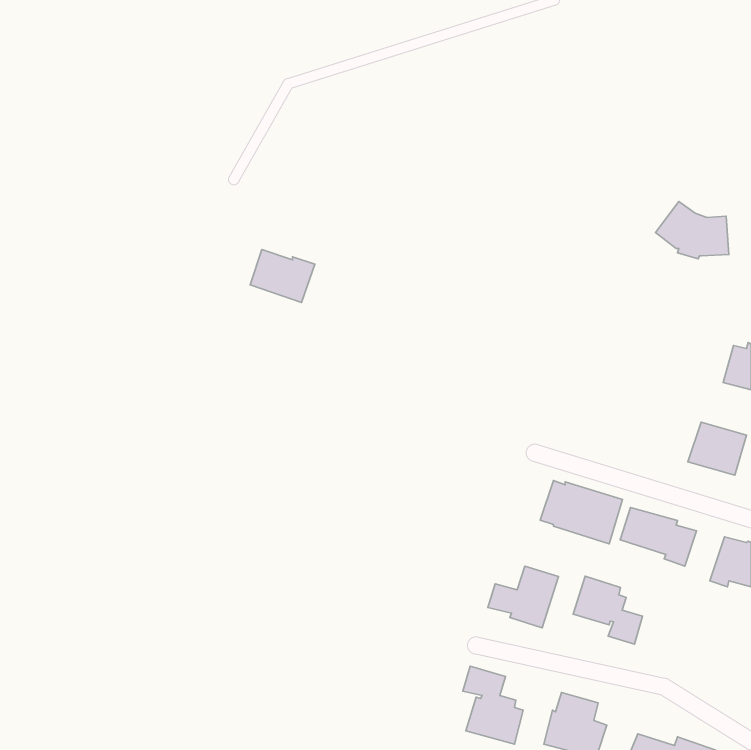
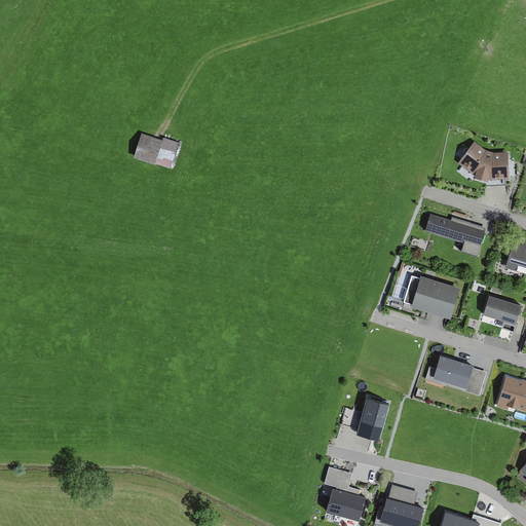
building: [250,250,315,303] -> [134,133,179,170]
building: none -> [425,214,486,256]
building: [540,480,622,544] -> [403,274,460,318]
building: [573,576,643,644] -> none

